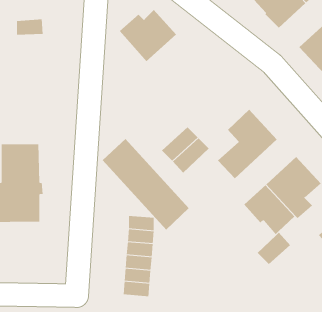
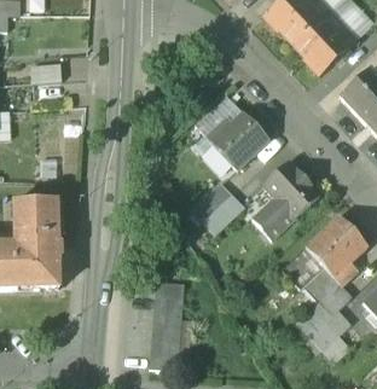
building: [119,9,177,62] -> [205,111,269,169]
building: [102,138,190,230] -> none
building: none -> [309,306,350,347]

